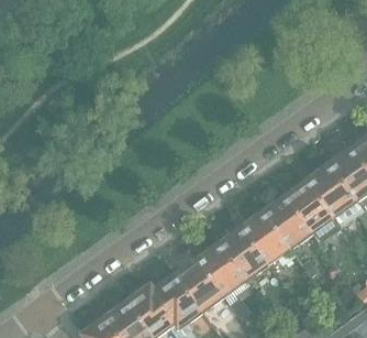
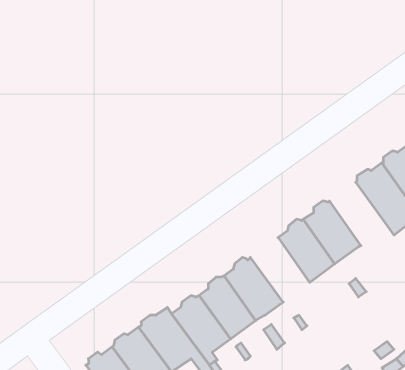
building: [285,178,343,246] -> none
building: [219,226,268,280] -> none

